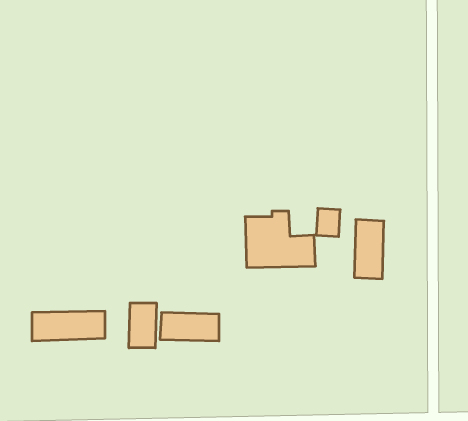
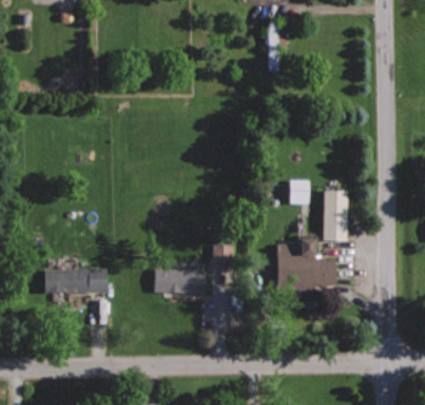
building: [245,211,316,267] -> [276,238,336,286]
building: [129,303,156,348] -> none

